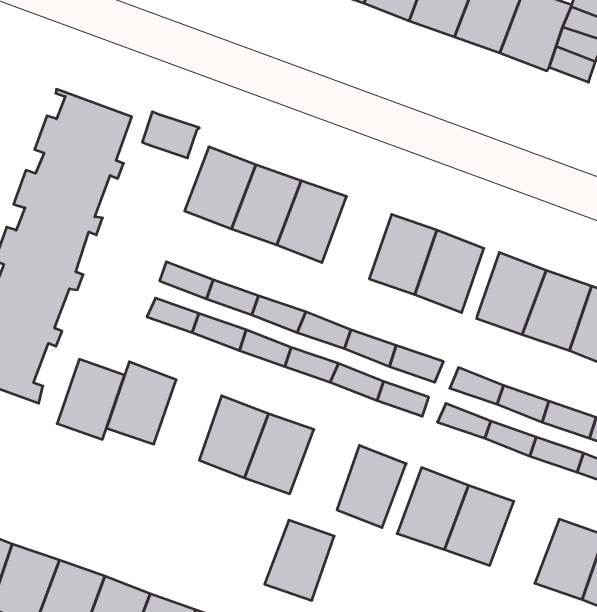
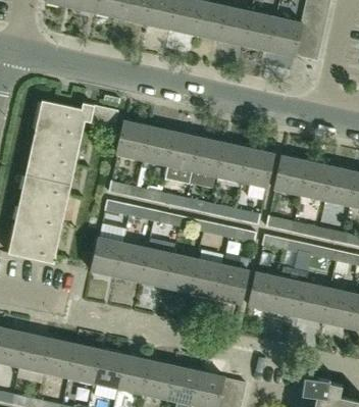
building: none -> [191,136,223,176]
building: [57,359,125,439] -> [116,242,148,282]
building: none -> [298,282,330,322]
building: [265,520,334,600] -> [190,258,222,298]

